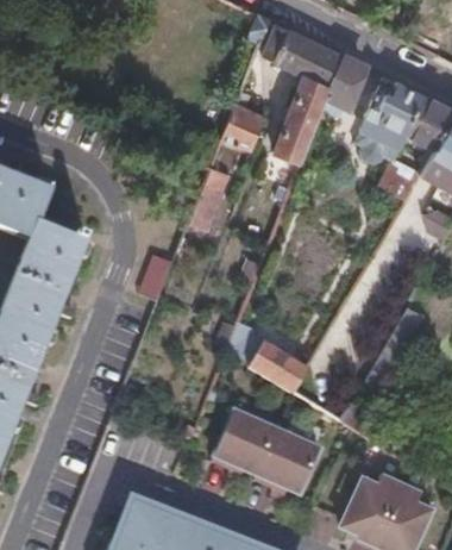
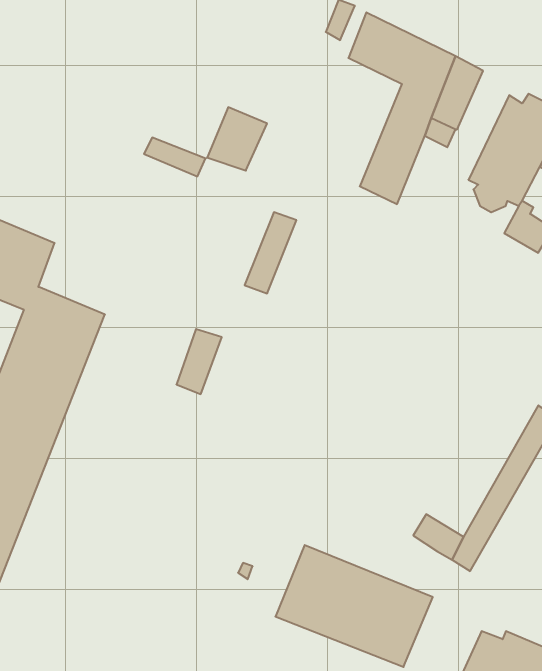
building: [221,102,265,149] -> [207,107,267,171]
building: [228,326,307,393] -> none

